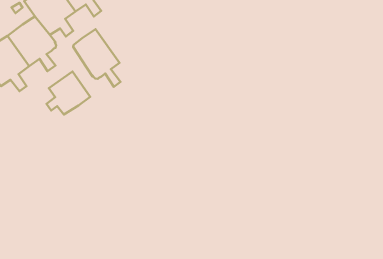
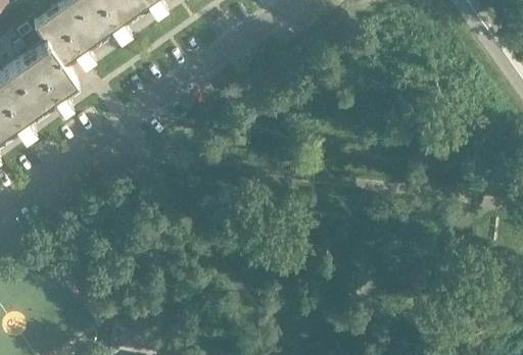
building: [73,29,121,87] -> none
building: [47,71,90,114] -> none

